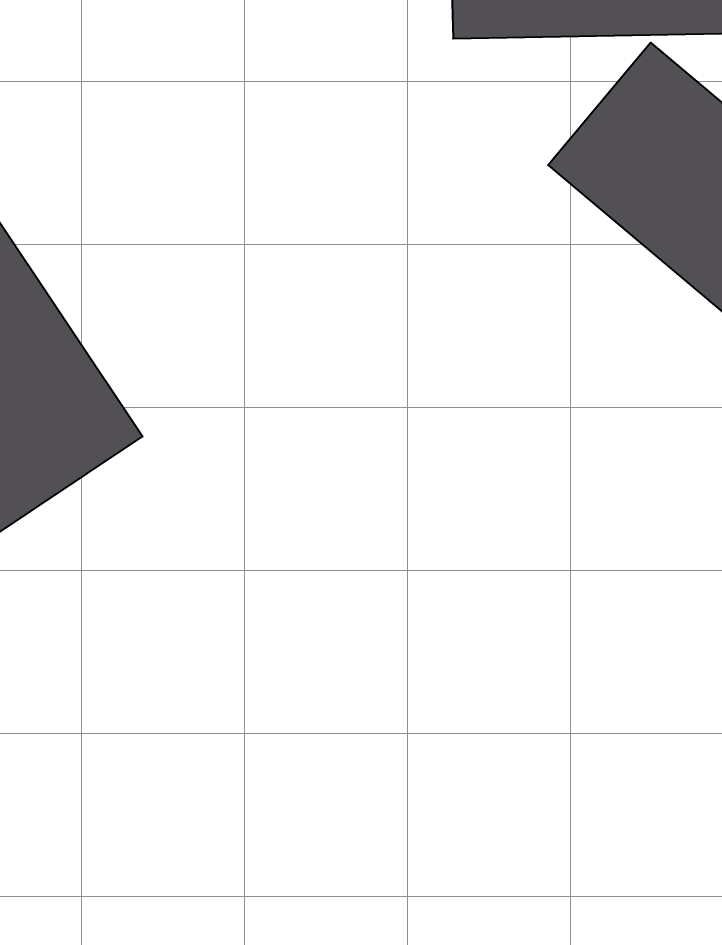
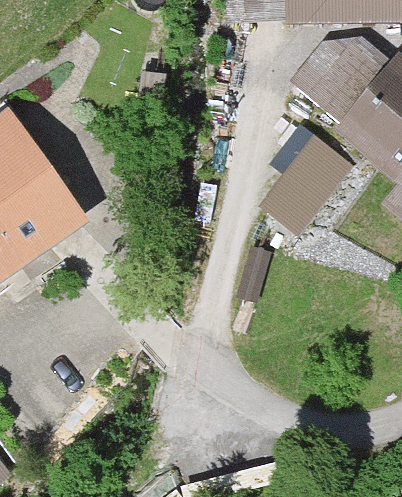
building: none -> [262,137,355,236]

